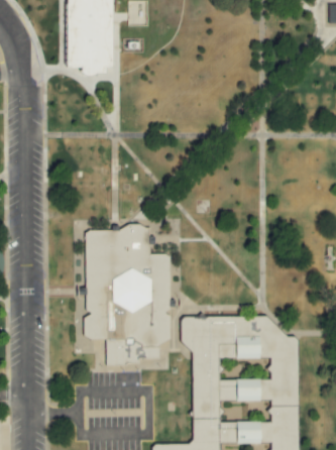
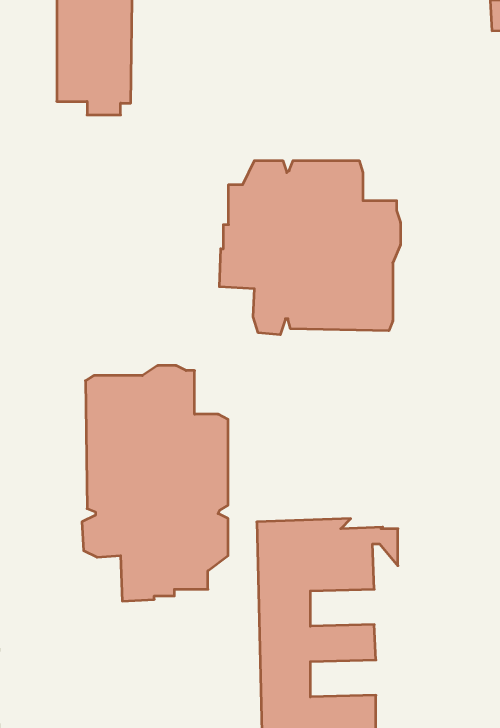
building: none -> [219,161,400,335]

